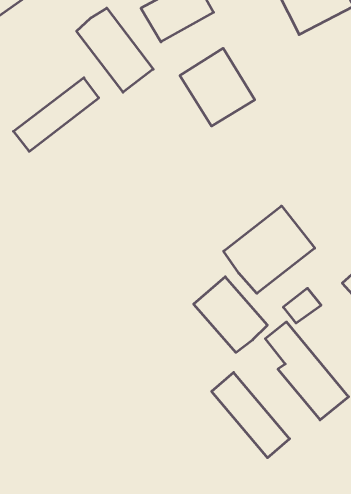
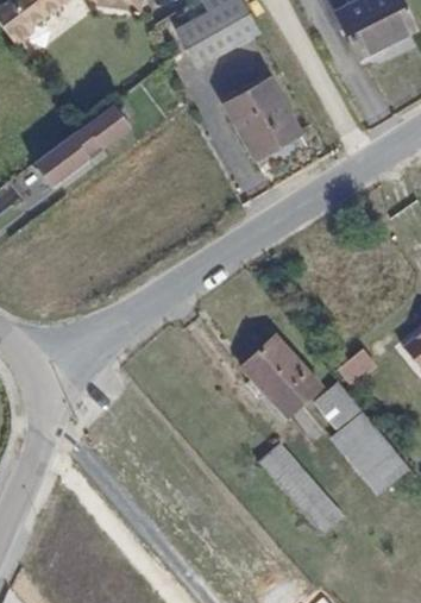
building: [77,8,153,92] -> none
building: [224,206,315,293] -> none

